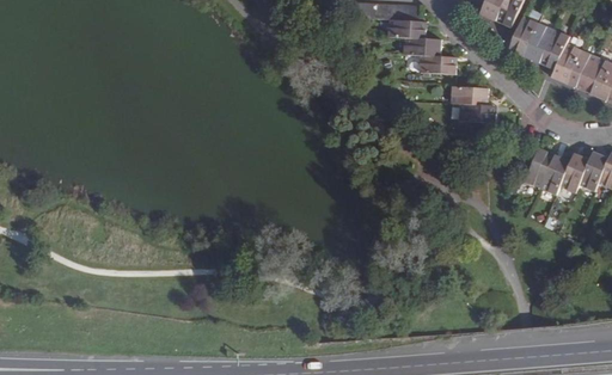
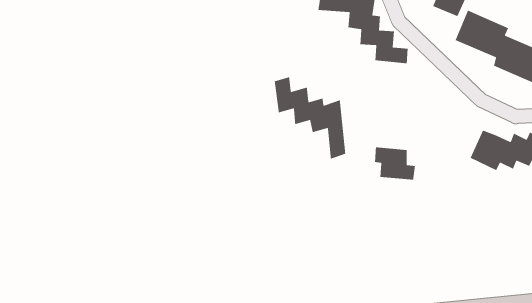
building: [451,86,497,124] -> [374,146,416,181]
building: none -> [274,76,346,160]

